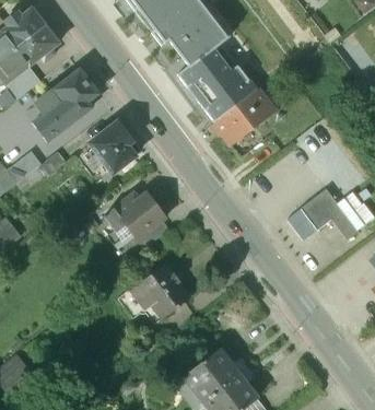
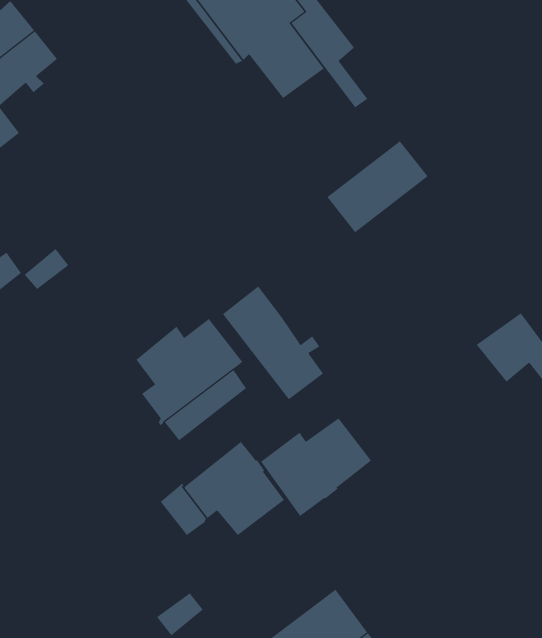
building: [178,47,257,121] -> none
building: [33,69,97,141] -> none
building: [89,119,139,174] -> none
building: none -> [222,285,324,400]
building: none -> [259,418,372,517]

